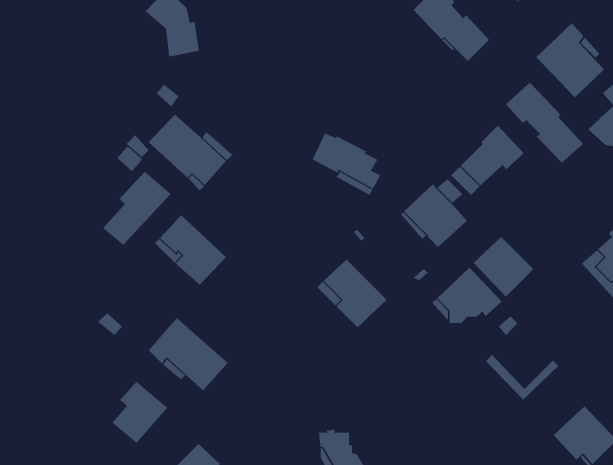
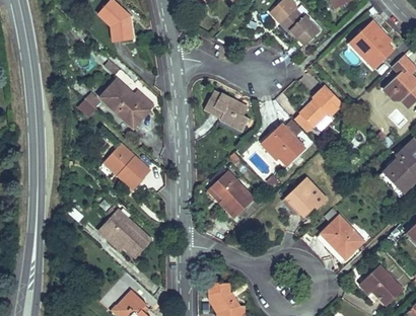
building: [505,82,584,163] -> none
building: [102,171,171,246] -> none
building: [473,236,534,298] -> [321,216,360,255]
building: [111,381,168,444] -> none

